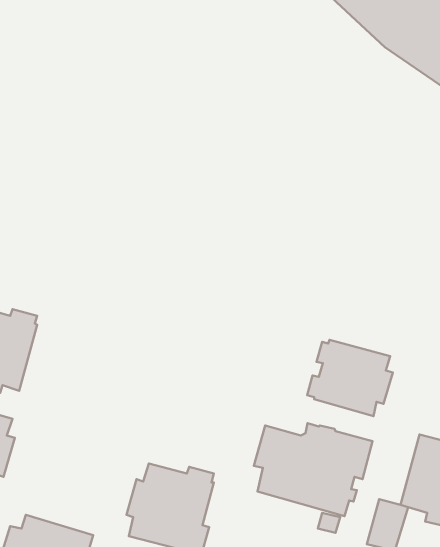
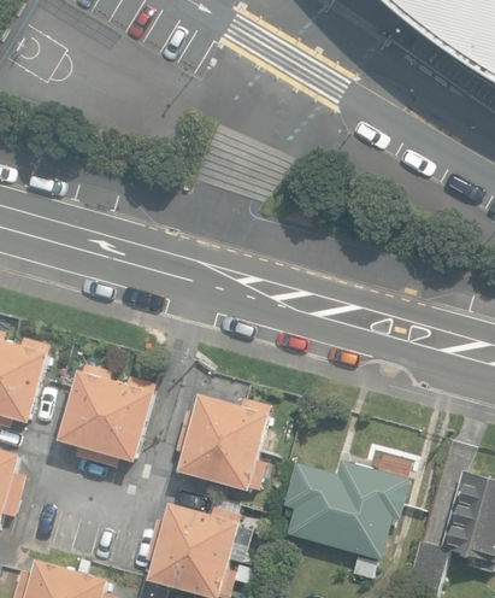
building: none -> [58,363,155,467]
building: [307,340,393,416] -> none
building: none -> [176,394,271,492]

